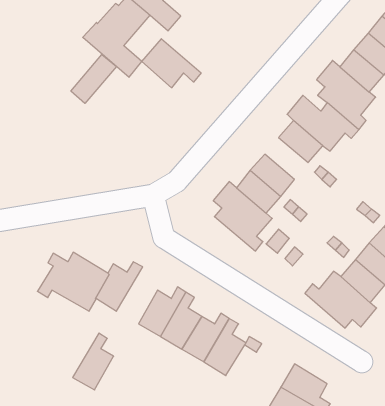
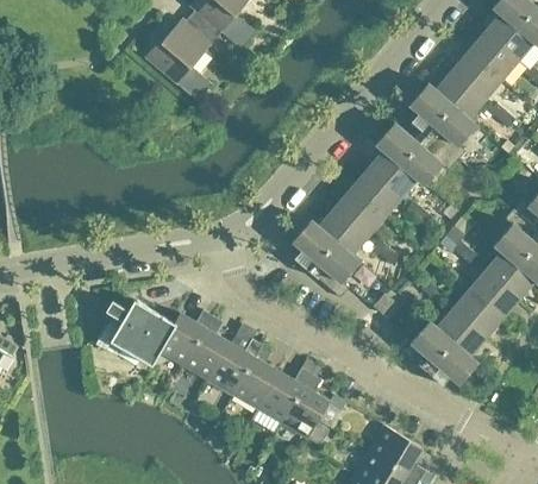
building: [142,39,201,88] -> none
building: [71,55,117,103] -> none
building: none -> [351,169,400,216]
building: [73,333,114,390] -> [183,315,230,379]

